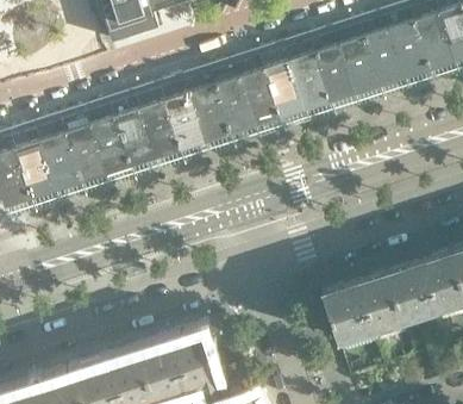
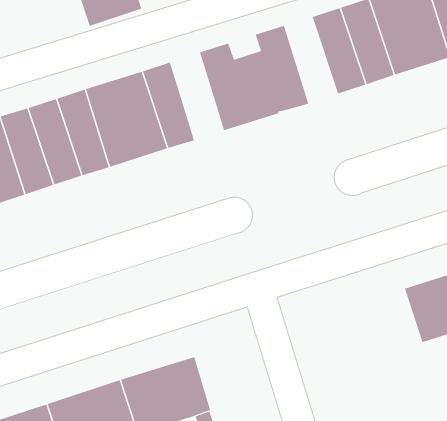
building: [283,39,330,116] -> none
building: [183,70,230,148] -> none
building: [323,278,403,346] -> none

